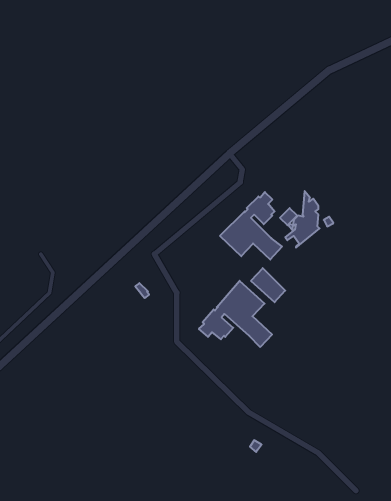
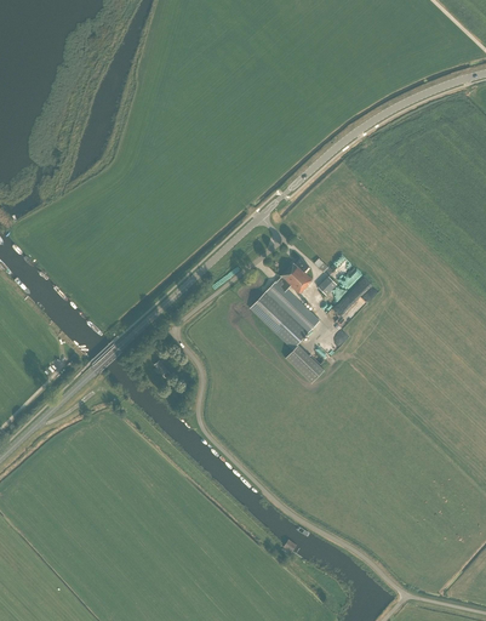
building: [199,281,272,347] -> none

